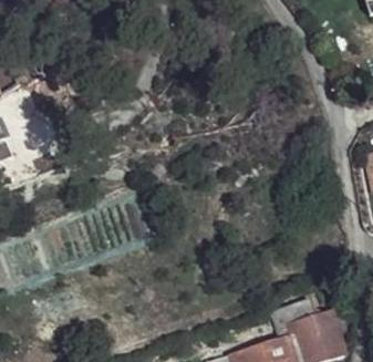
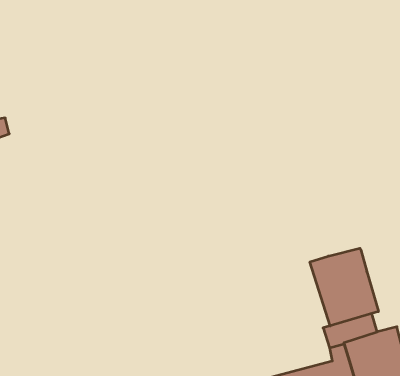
building: none -> [310,248,378,326]

